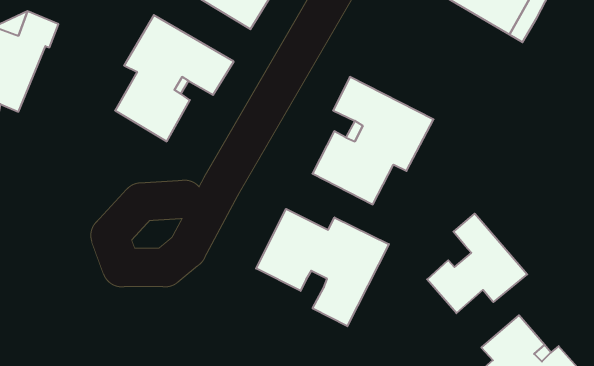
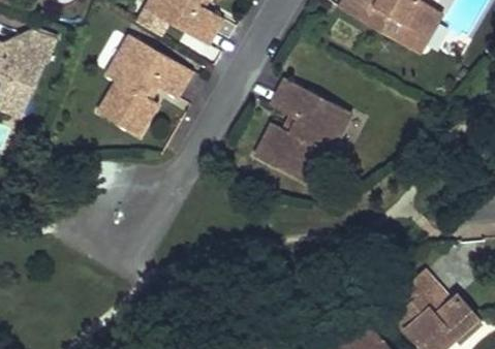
building: [256,209,389,326] -> none
building: [427,214,527,313] -> none

